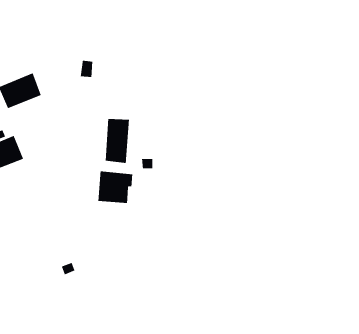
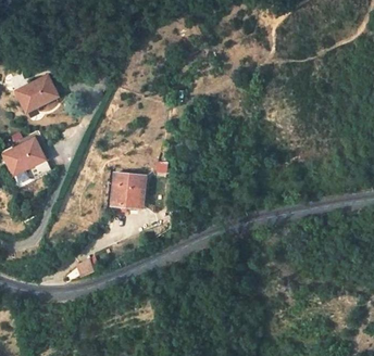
building: [105,118,130,164] -> none

